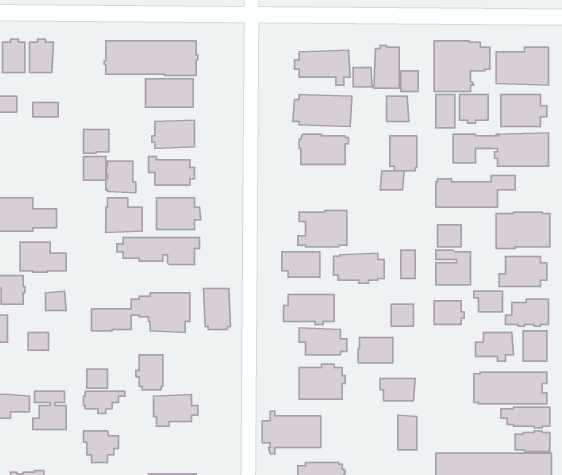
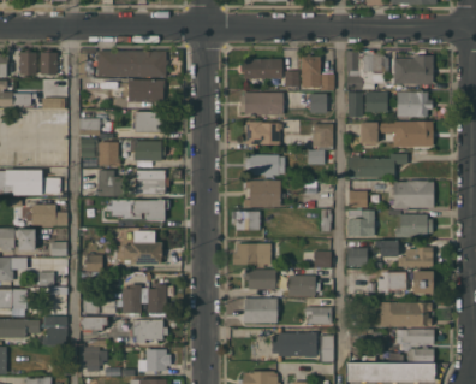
building: [334,253,384,283] -> [245,154,284,177]
building: [204,288,231,330] -> [147,284,167,315]
building: [262,411,321,454] -> [272,329,316,361]
building: none -> [138,349,171,371]

